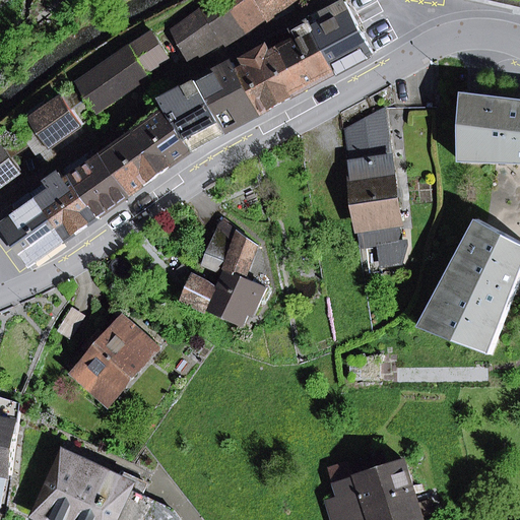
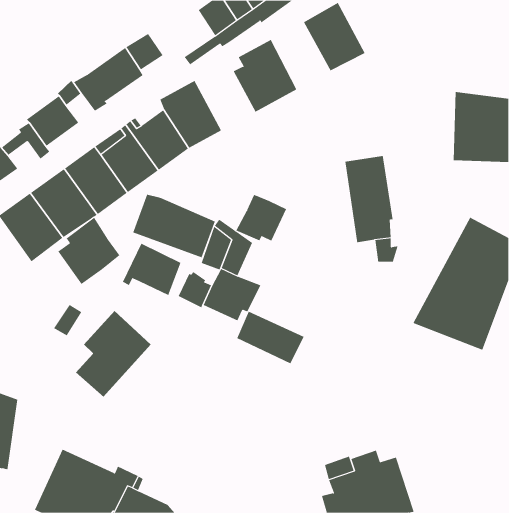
building: [170,10,217,58] -> none
building: [274,22,334,90] -> none
building: [197,63,258,132] -> none
building: [343,109,388,164] -> none
building: none -> [133,194,216,258]
building: none -> [236,194,287,241]
building: none -> [58,217,120,285]
building: none -> [122,243,181,296]
building: none -> [237,311,305,364]

